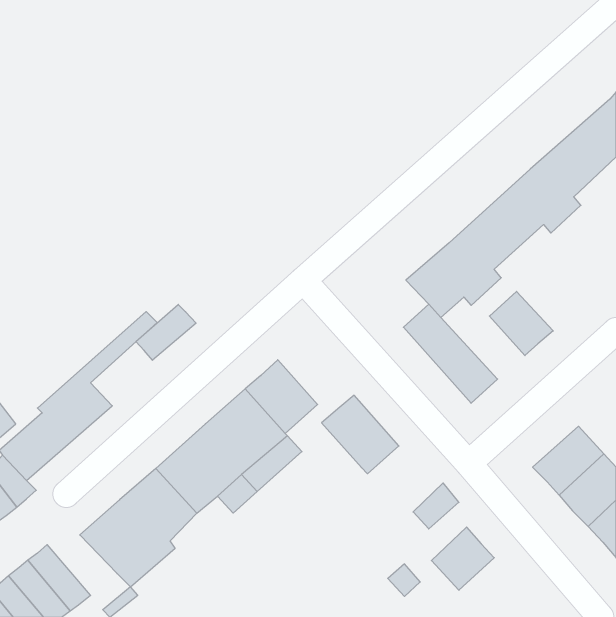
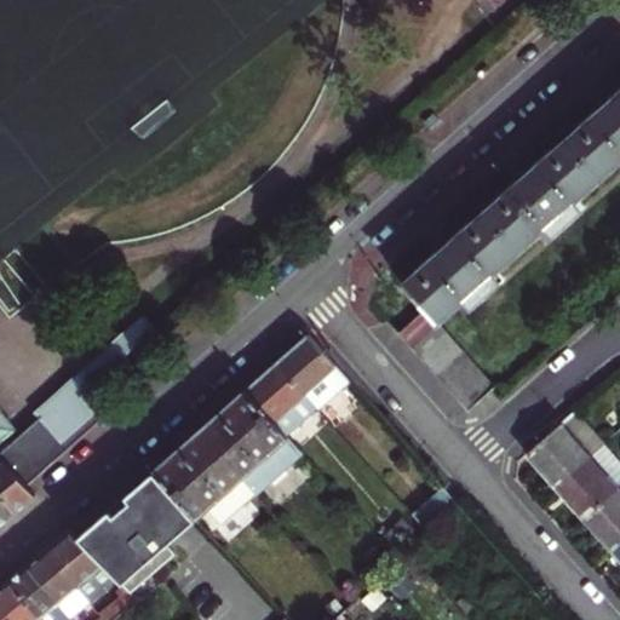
building: [489,291,553,356] -> none
building: [136,304,196,360] -> none
building: [322,395,399,474] -> [279,333,356,412]
building: none -> [47,527,117,597]
building: [431,527,494,590] -> none

